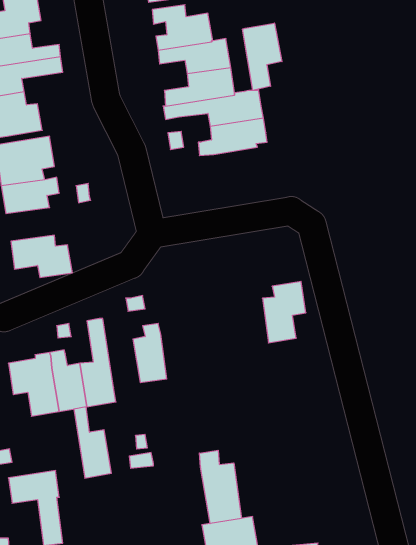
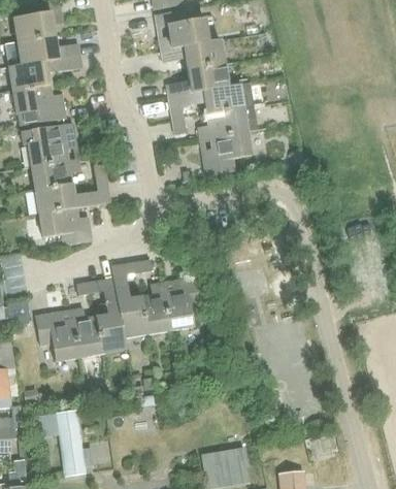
building: [243,23,282,90] -> none
building: none -> [202,132,251,175]
building: none -> [33,184,74,213]
building: [262,281,306,343] -> [165,278,202,330]
building: [74,407,111,478] -> [116,276,147,337]
building: [199,450,241,524] -> none

